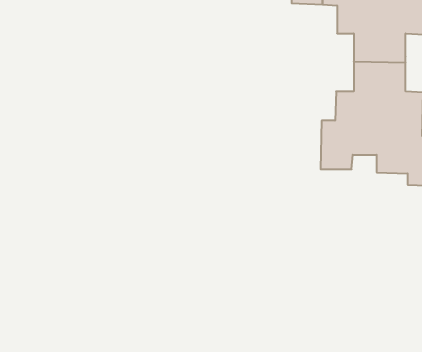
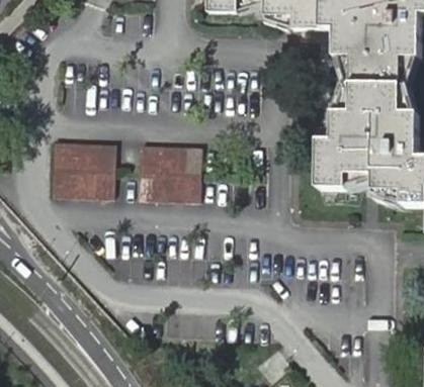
building: none -> [51,138,117,200]
building: none -> [137,142,201,202]

